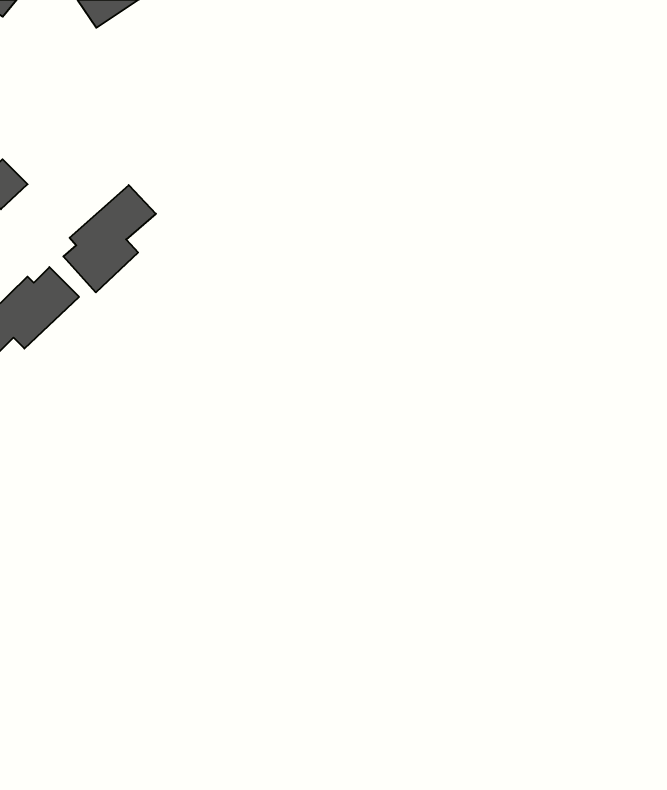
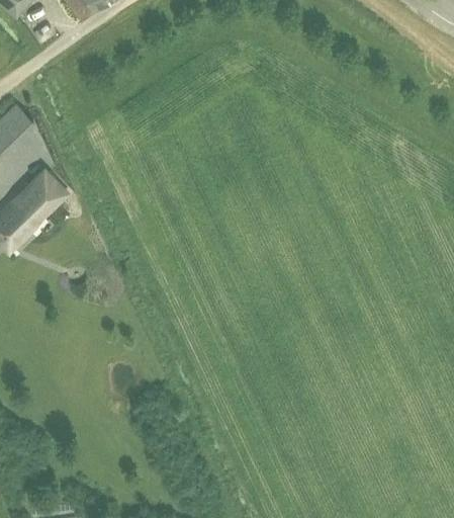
building: [63,185,156,292] -> none

